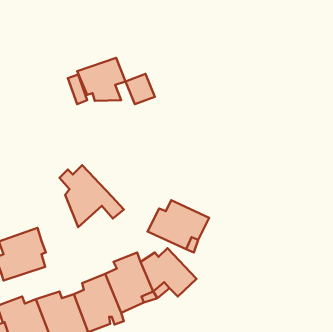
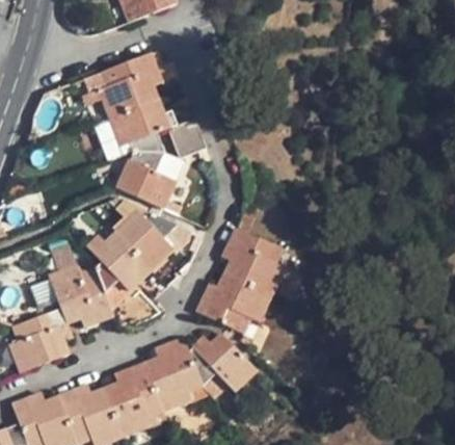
building: none -> [99,53,161,115]
building: none -> [115,151,184,285]
building: none -> [222,229,284,295]
building: none -> [49,263,112,328]

